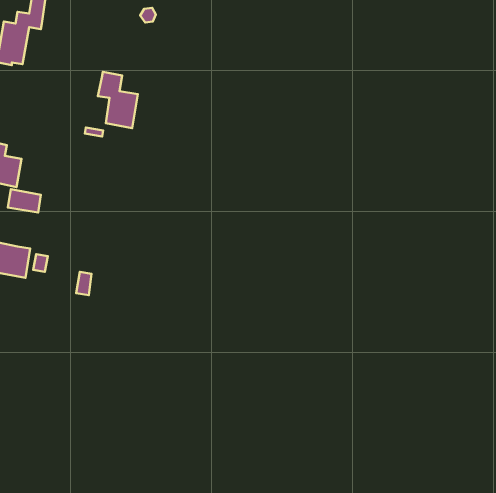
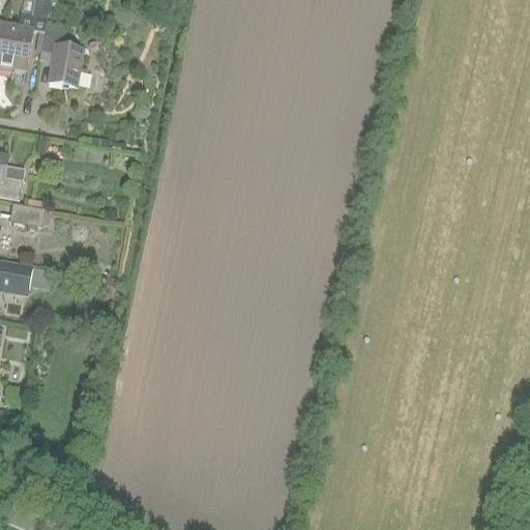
building: [98,72,138,128] -> [39,25,82,85]

